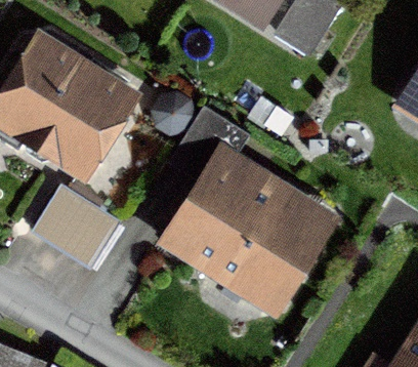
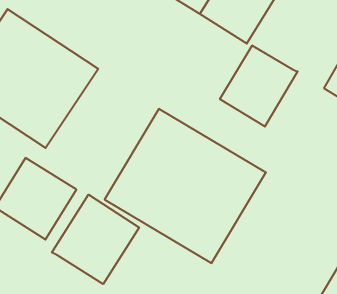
building: none -> [220,45,298,127]
building: none -> [52,195,139,284]

